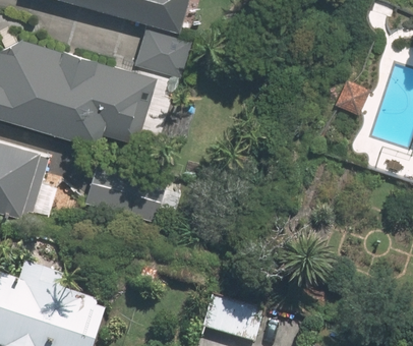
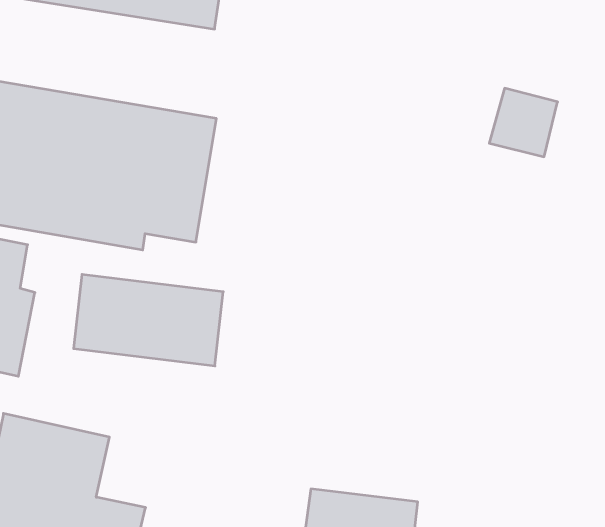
building: [135,31,188,75] -> none

